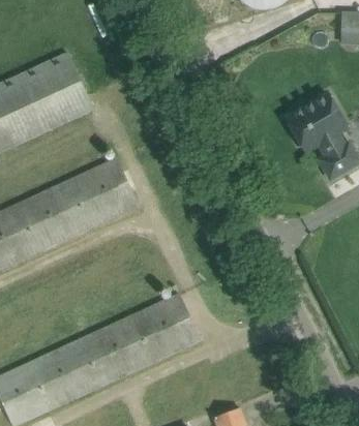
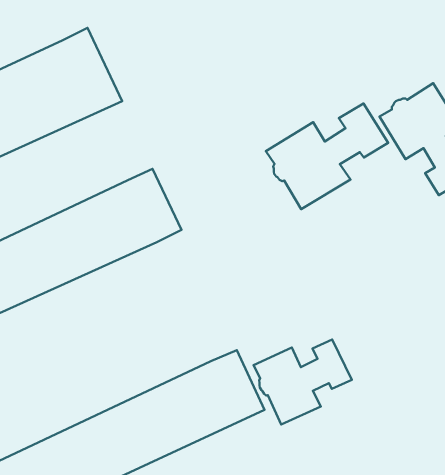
building: none -> [266,103,388,209]
building: none -> [254,339,352,425]

